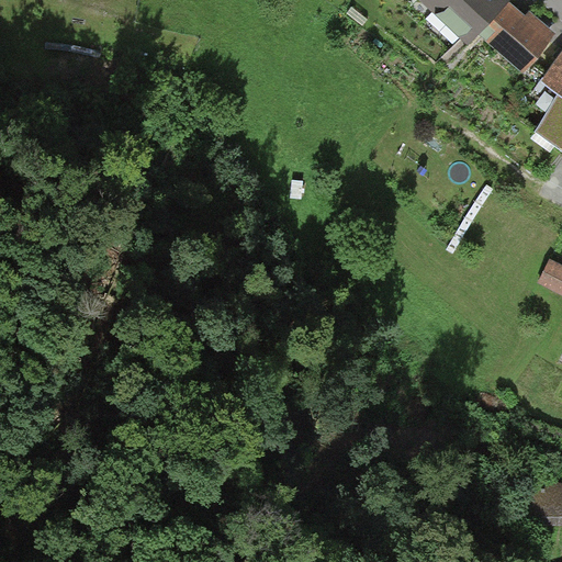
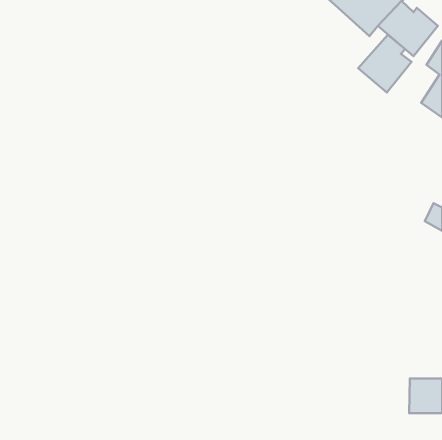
building: none -> [358,35,412,93]

